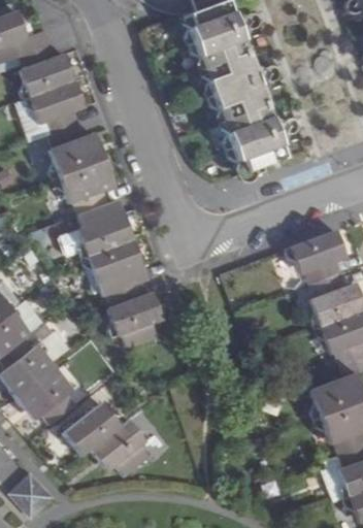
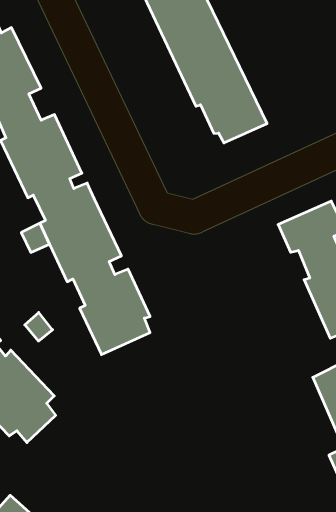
building: [62,401,153,476] -> none

